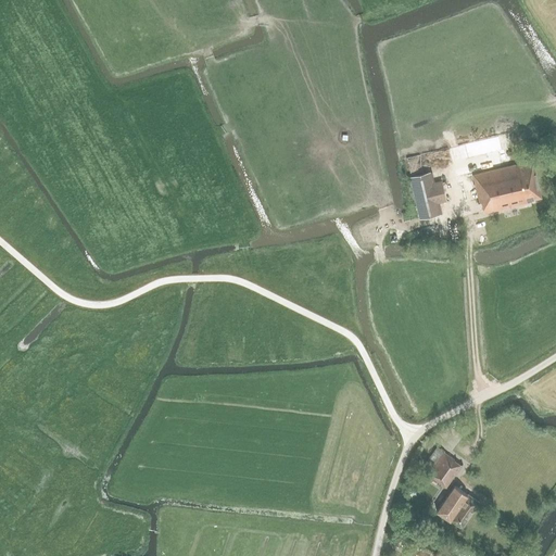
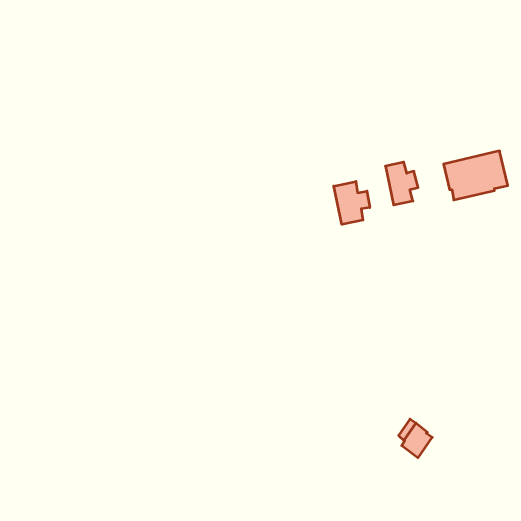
building: none -> [334,181,370,224]
building: [437,485,480,529] -> none

